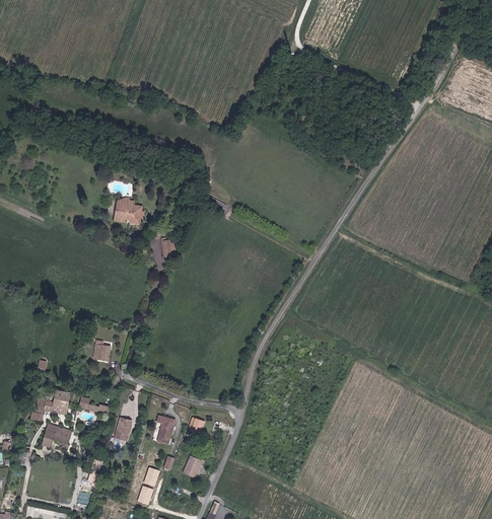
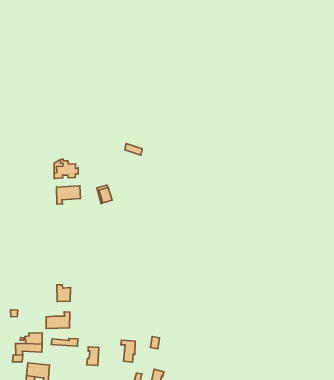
building: none -> [56,186,80,204]
building: none -> [46,312,70,328]

